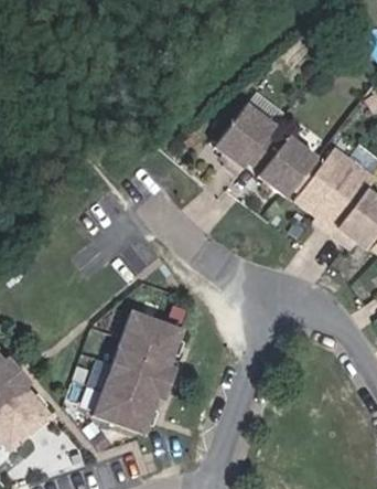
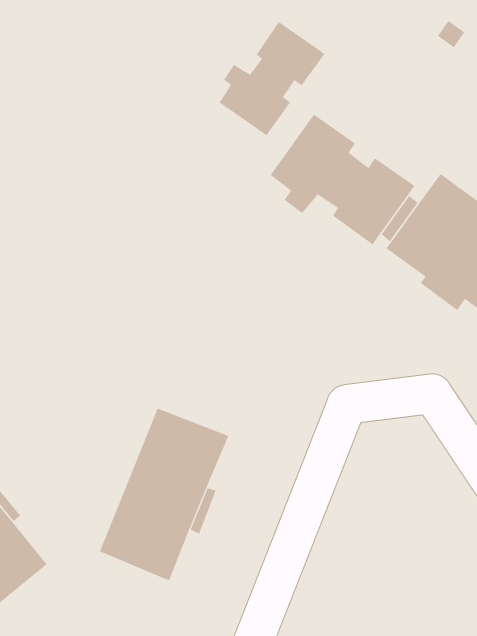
building: none -> [219,21,325,136]

